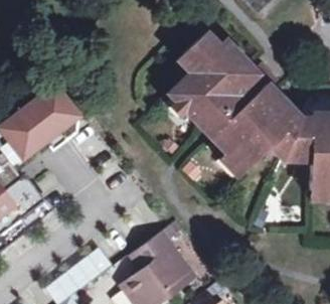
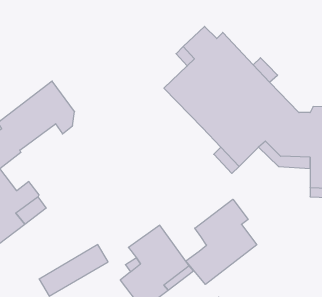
building: none -> [186,199,257,284]

